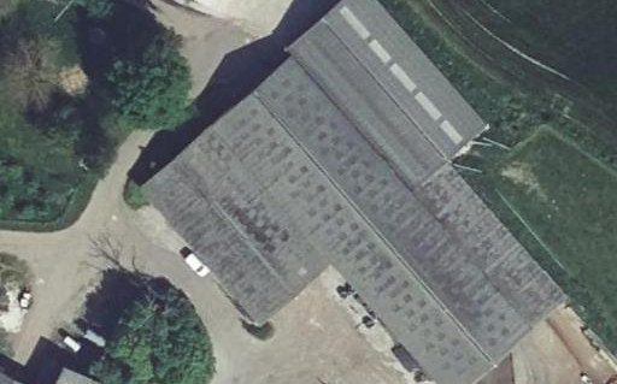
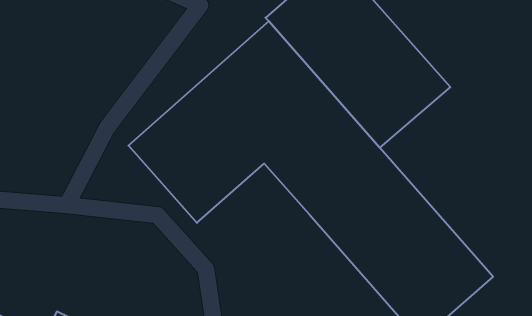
building: [411,161,566,329] -> none
building: [215,207,335,325] -> none

